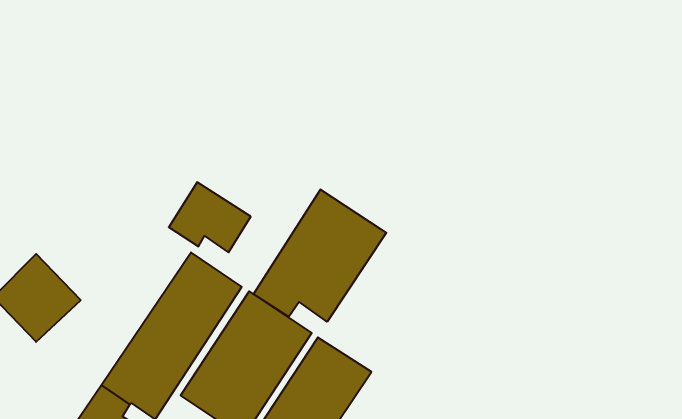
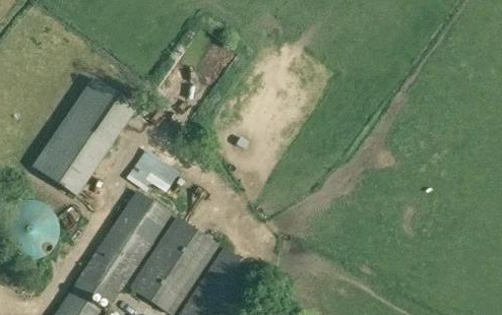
building: none -> [34,77,136,194]
building: [254,189,386,322] -> none

